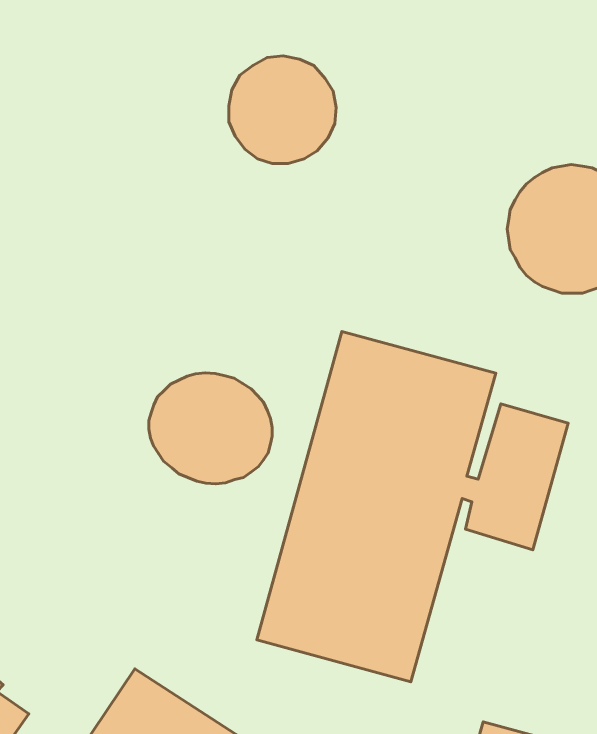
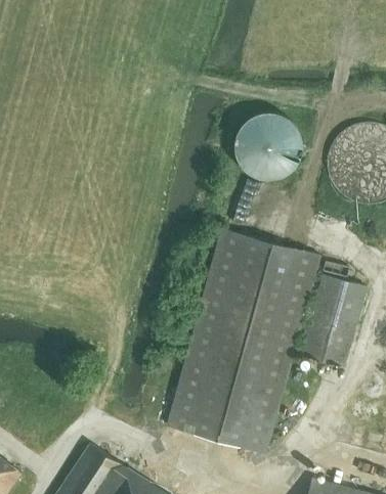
building: [229,56,336,164] -> [234,111,303,180]
building: [149,373,272,484] -> none

